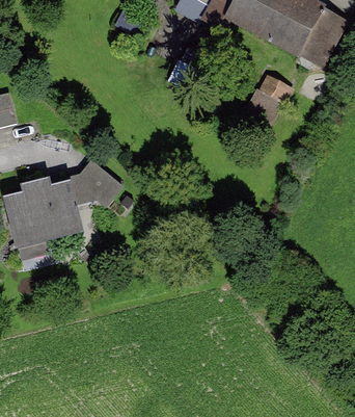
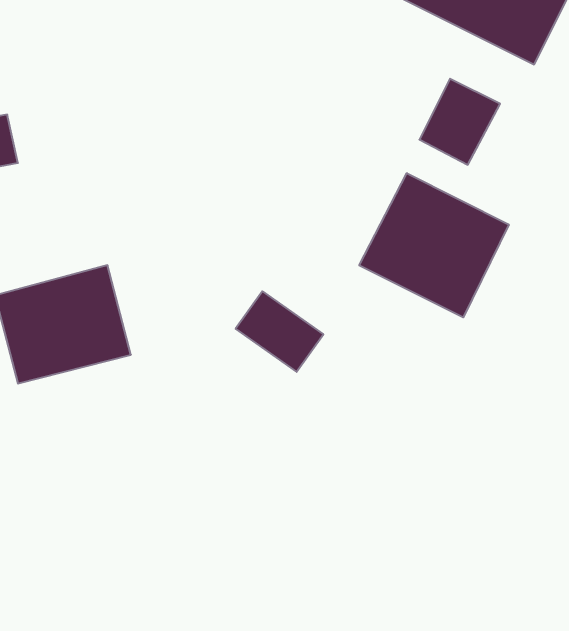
building: none -> [359,173,509,317]
building: [79,164,130,211] -> [236,291,323,372]

